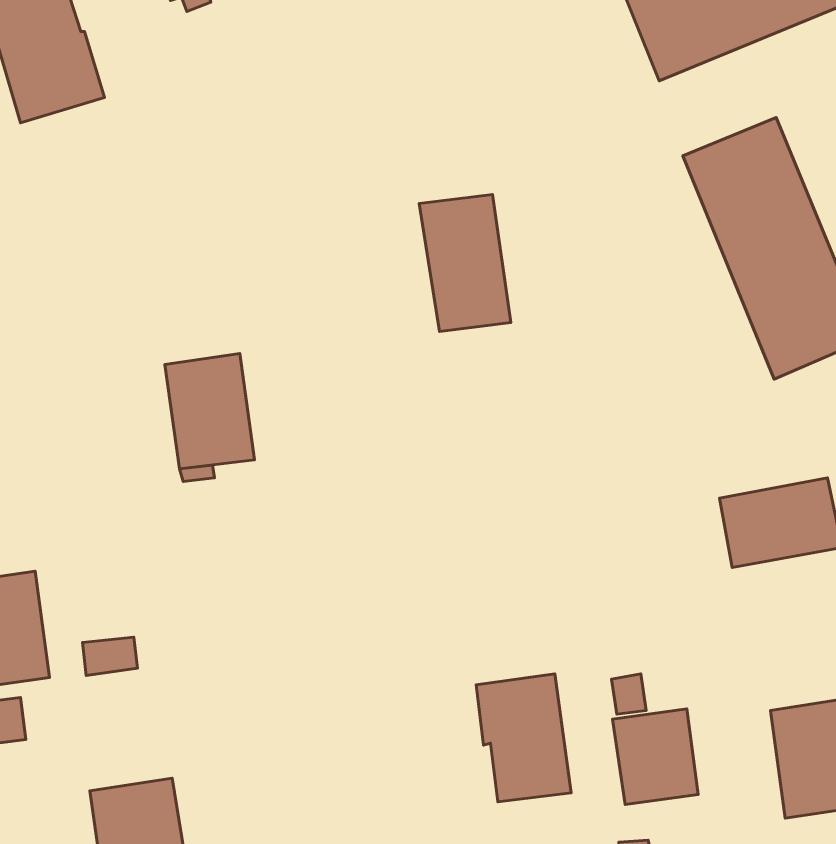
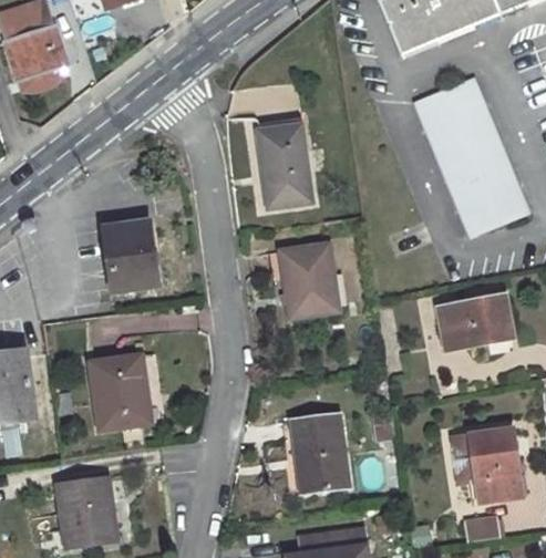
building: none -> [280,240,339,317]
building: none -> [91,353,148,428]
building: [612,709,698,804] -> none

